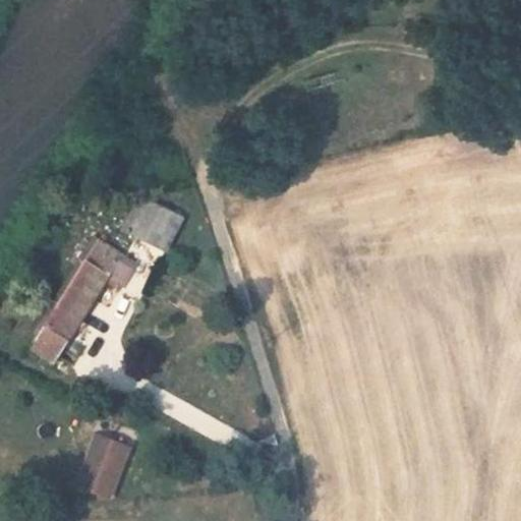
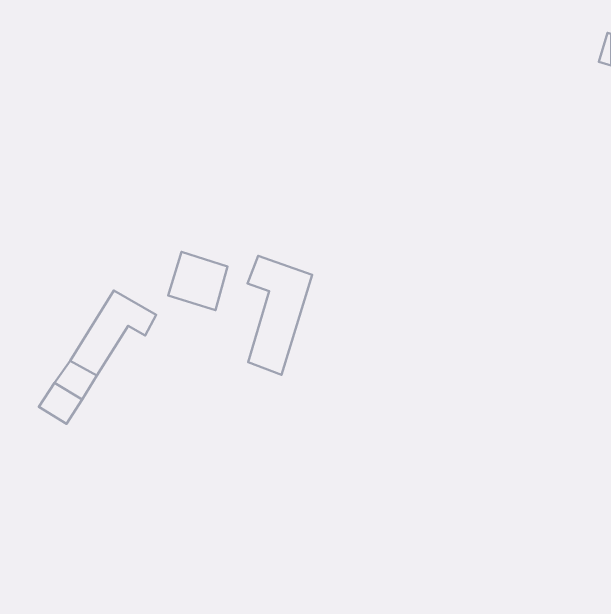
building: none -> [248,256,312,375]
building: [85,438,132,496] -> none

